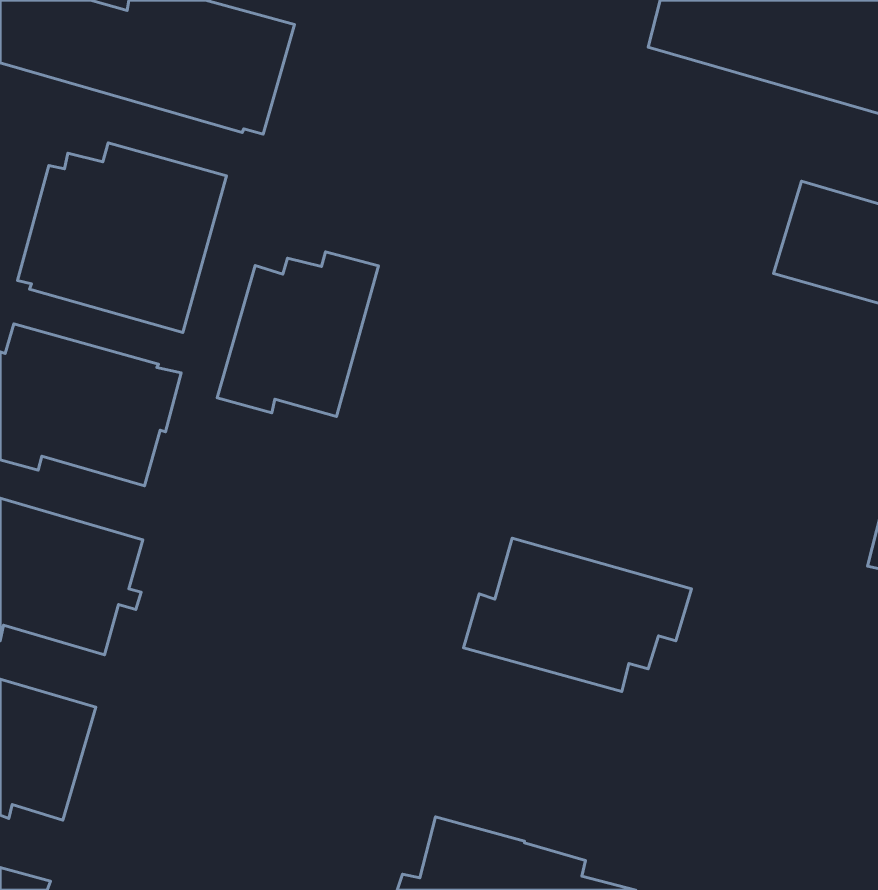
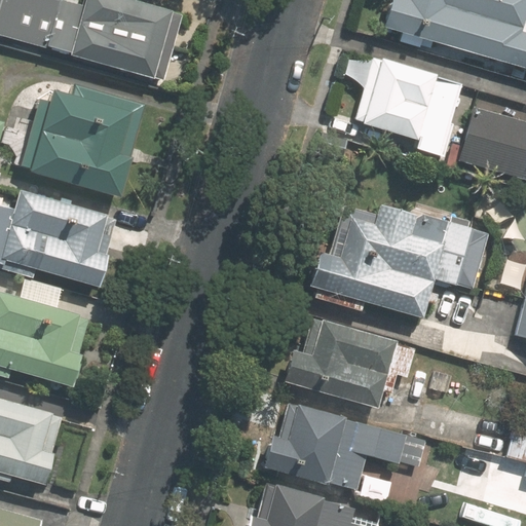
building: none -> [358,61,461,157]
building: [217,252,379,416] -> none
building: none -> [304,204,489,316]
building: none -> [259,404,430,489]

